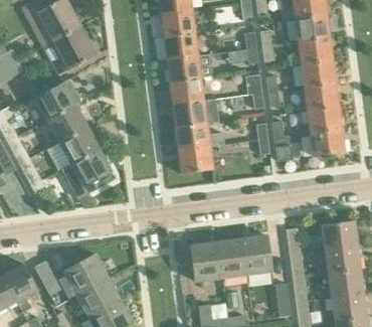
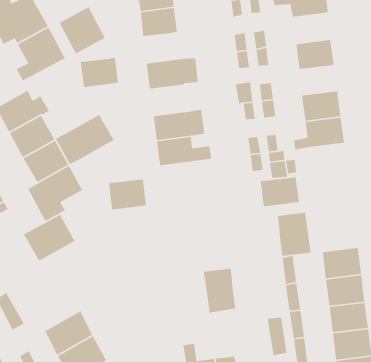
building: none -> [58,6,106,54]
building: [296,15,330,42] -> none
building: [164,32,198,59] -> [80,57,119,88]
building: [302,61,336,88] -> none
building: [170,78,204,106] -> none
building: none -> [55,114,114,165]
building: [310,130,345,157] -> [260,176,300,207]
building: [179,146,213,174] -> [108,178,147,210]
building: [242,236,272,276] -> [277,212,312,257]
building: [191,242,222,283] -> none
building: [63,253,110,295] -> [23,214,75,262]

